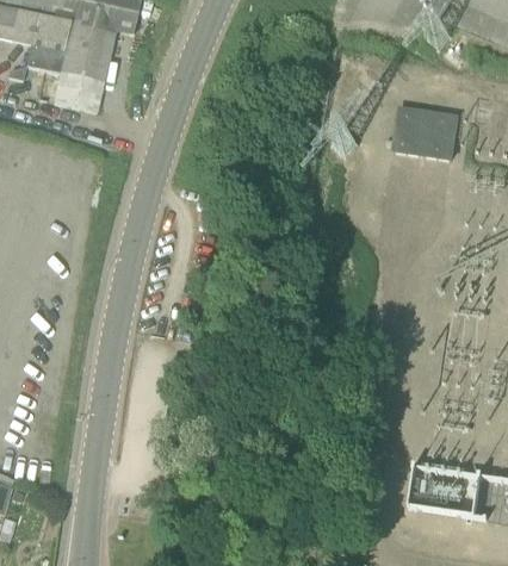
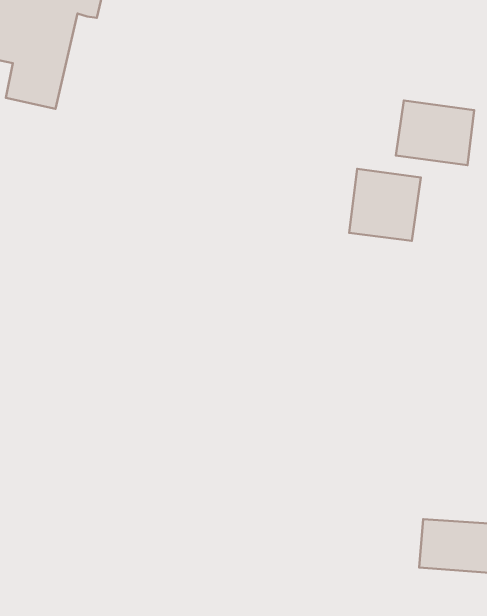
building: none -> [349,169,421,241]

